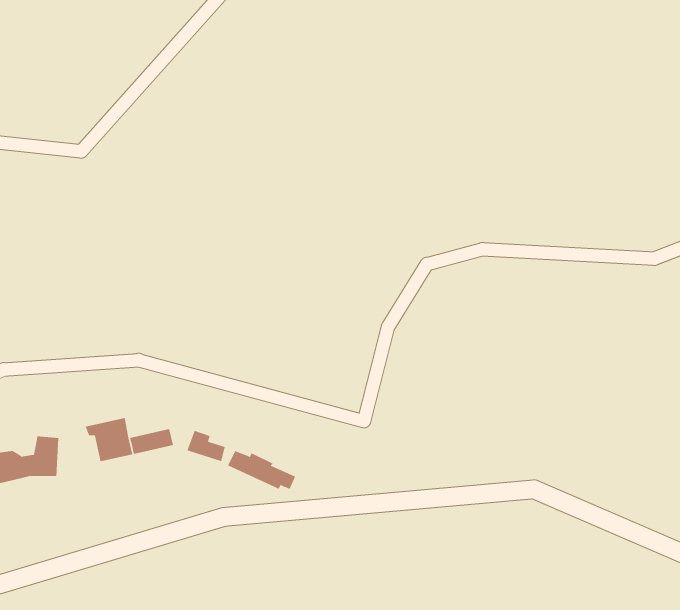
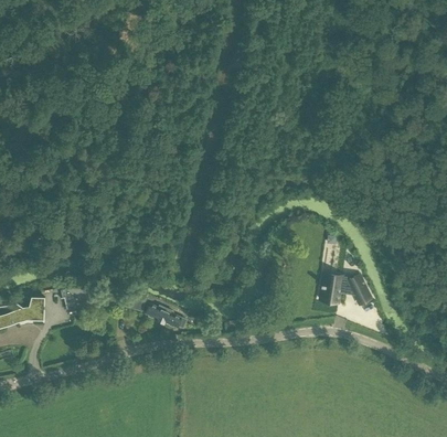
building: none -> [319,275,370,305]

